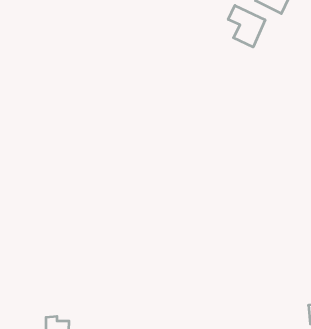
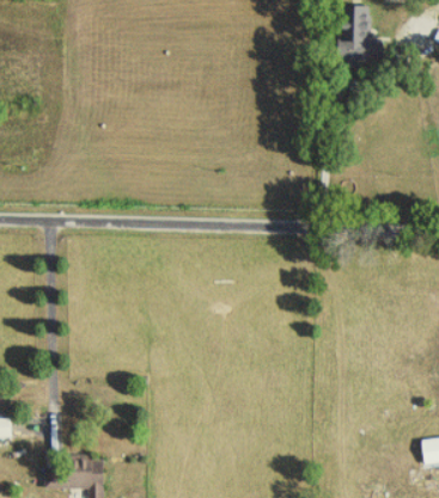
building: [228,5,265,47] -> none

